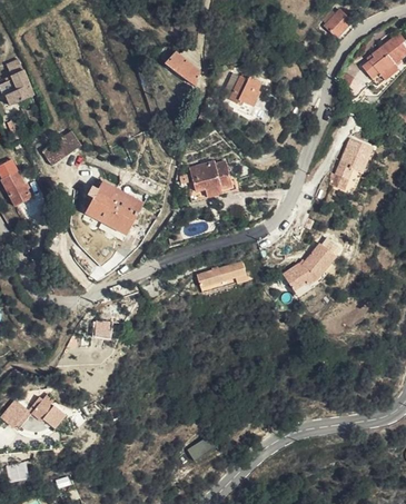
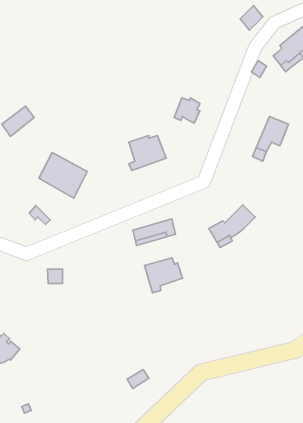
building: [165,49,197,87] -> none
building: [228,76,258,106] -> [174,98,200,123]
building: none -> [145,258,183,293]

